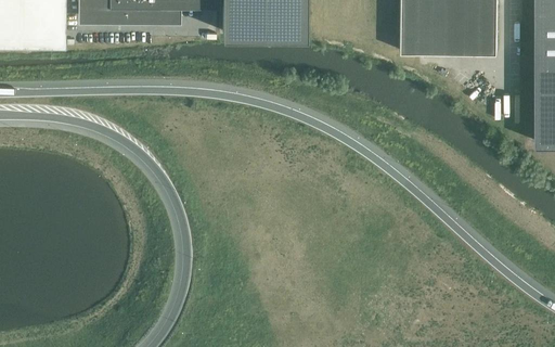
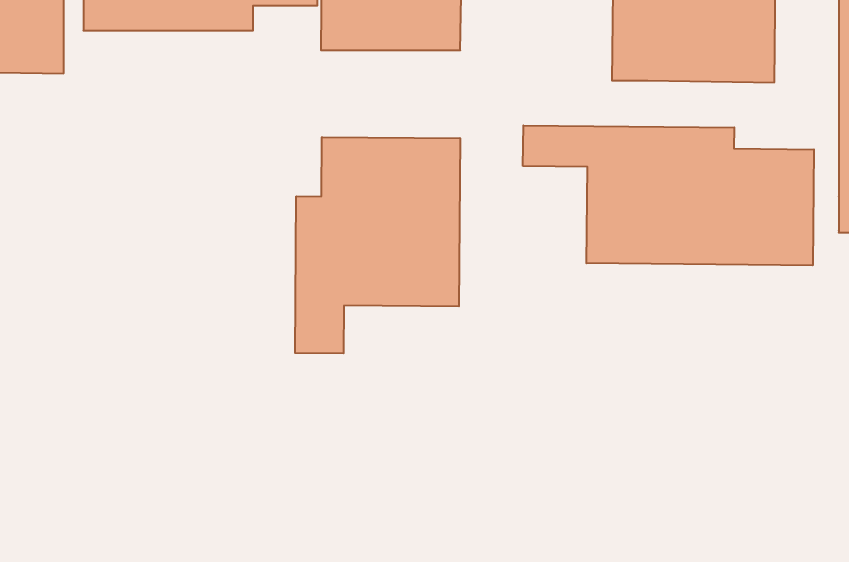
building: none -> [523,125,814,265]
building: none -> [295,137,460,353]

